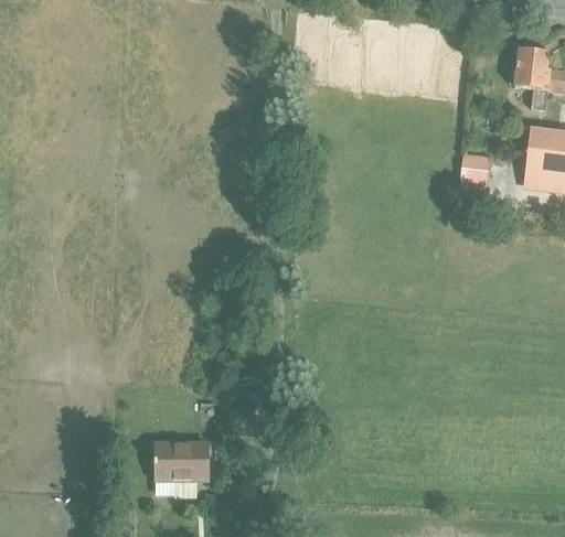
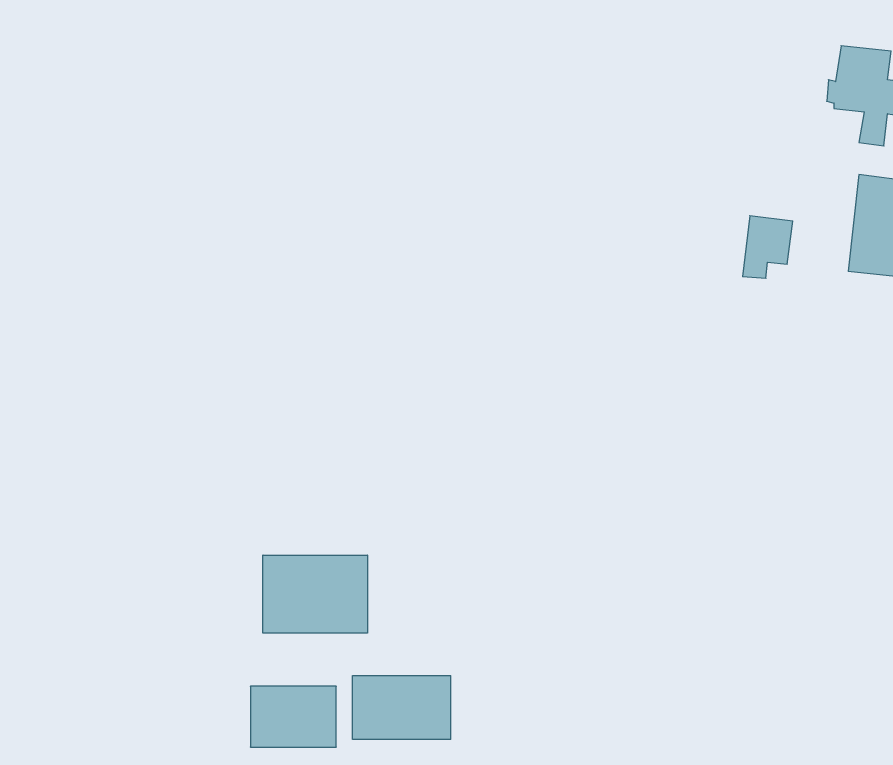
building: none -> [263,555,367,633]
building: none -> [353,676,451,739]

